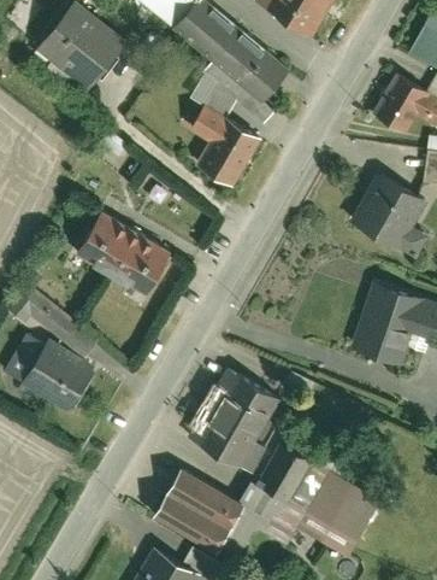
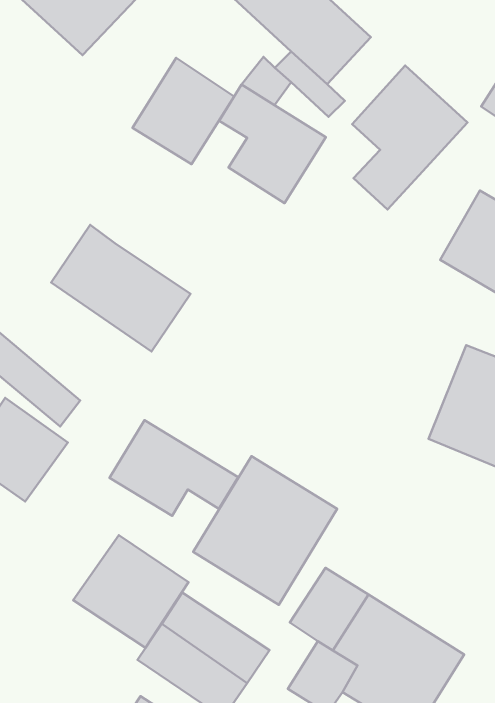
building: none -> [352,65,468,210]
building: none -> [133,58,234,164]
building: none -> [109,420,238,516]
building: none -> [73,535,189,648]

